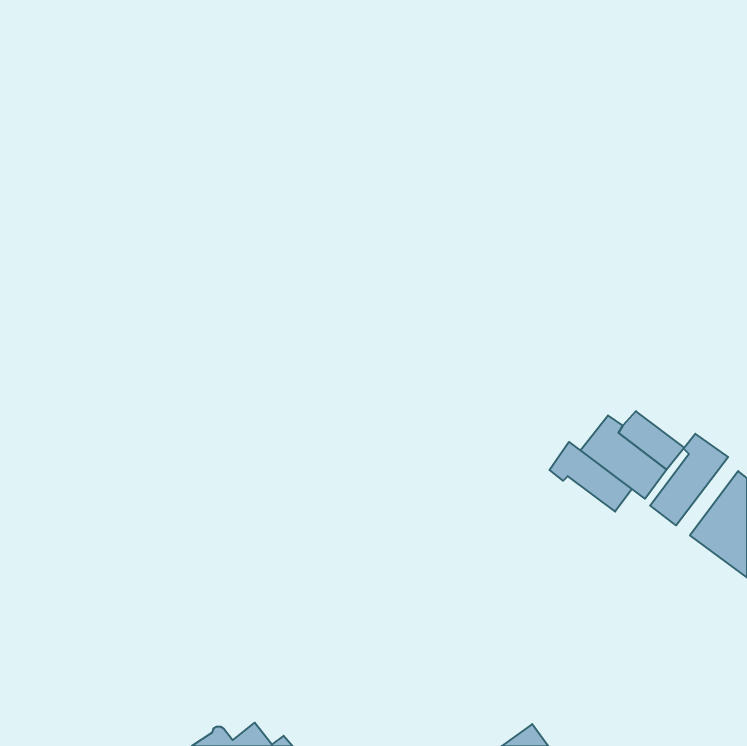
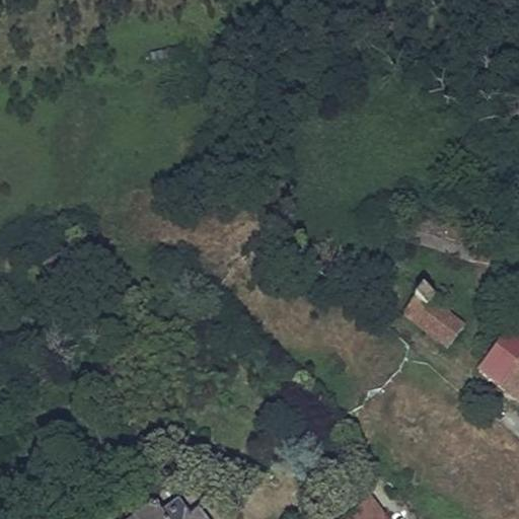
building: [650,434,728,525] -> none
building: [549,442,632,512] -> none

